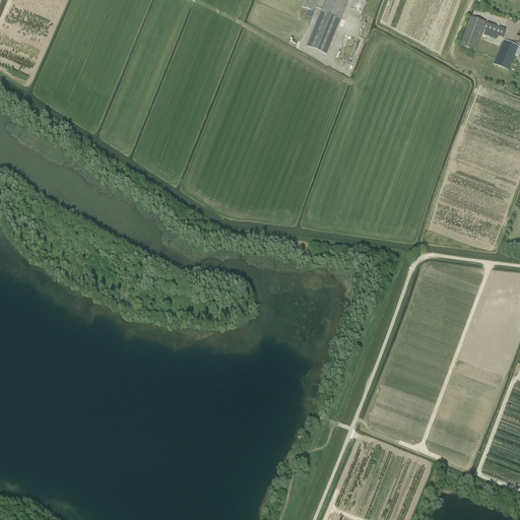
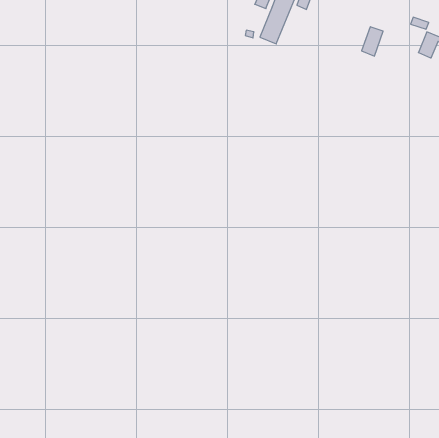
building: [461,14,486,49] -> [362,27,383,56]

